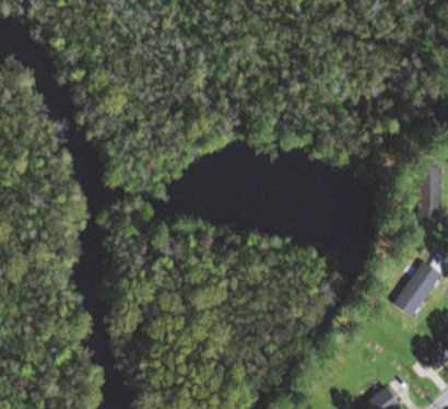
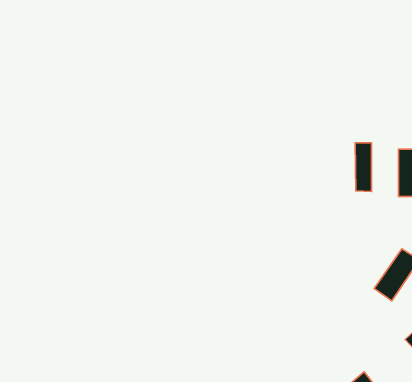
building: none -> [355,143,372,192]

